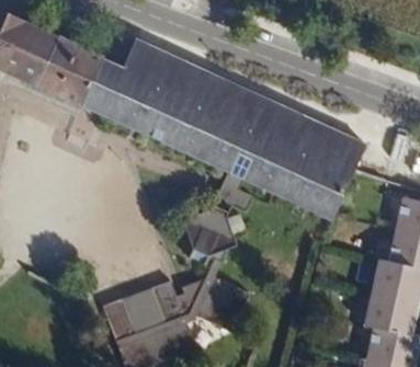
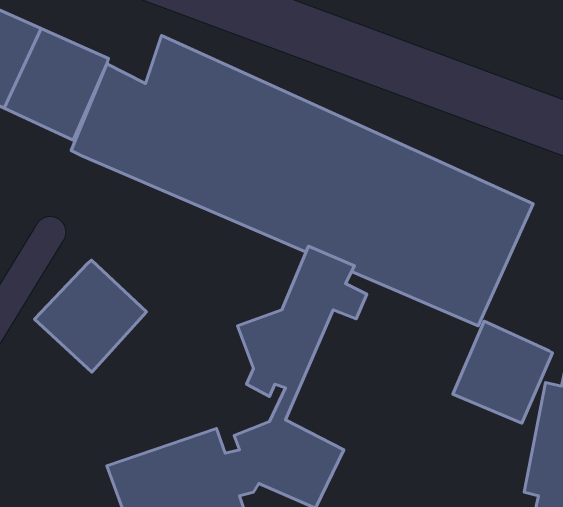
building: none -> [34,260,147,372]
building: none -> [453,321,553,423]

